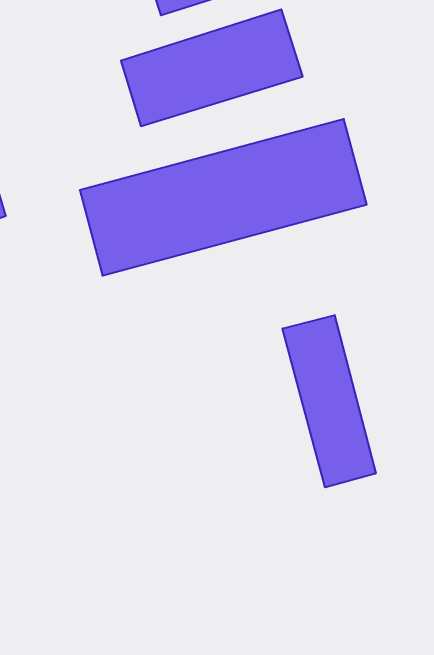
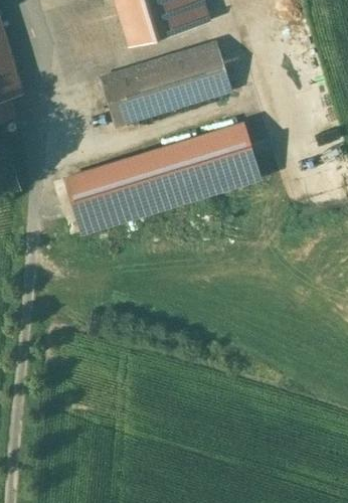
building: [283,315,376,487] -> none

